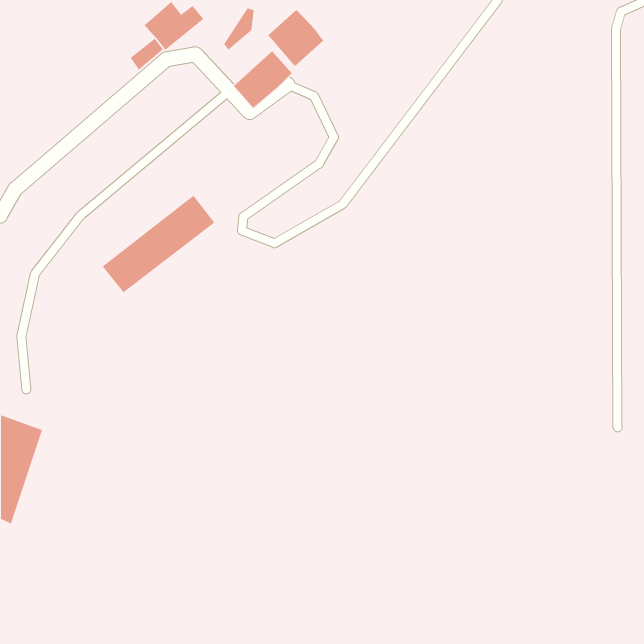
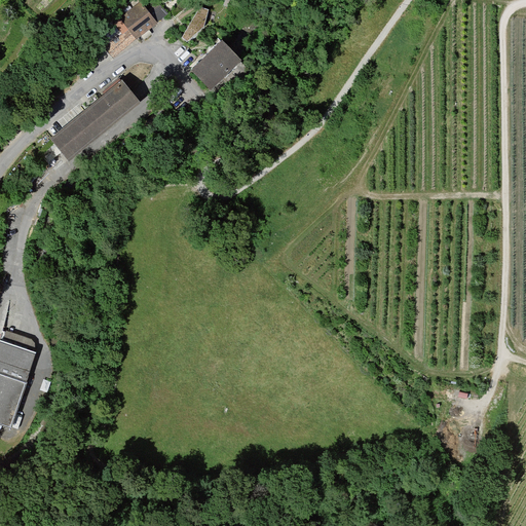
building: [267,9,324,67] -> none
building: [102,195,215,293] -> [48,80,141,160]

